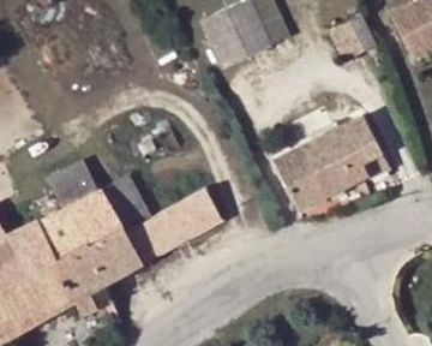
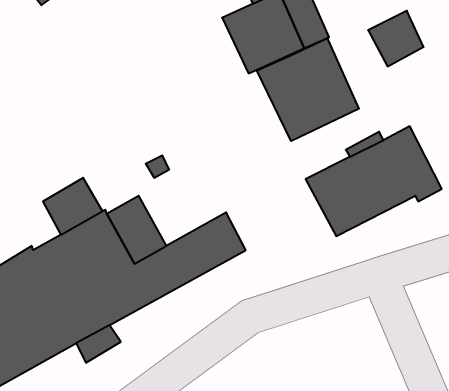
building: none -> [257,38,359,141]

